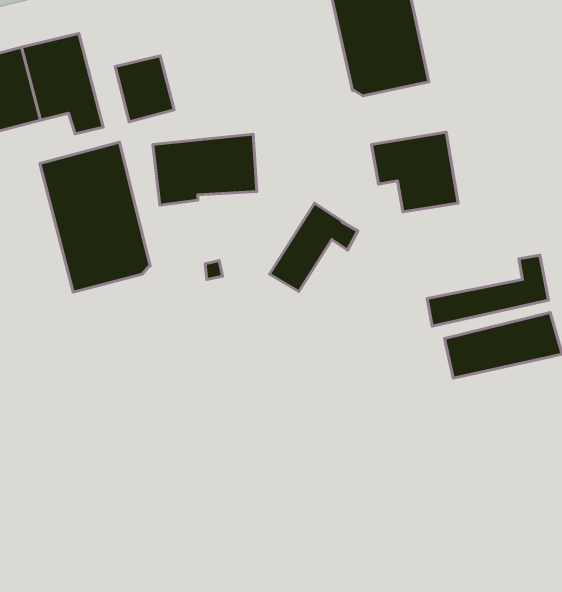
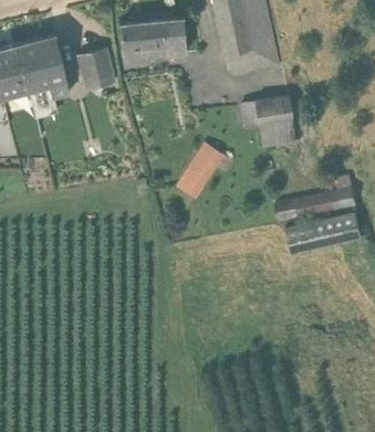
building: [153,134,257,205] -> [119,19,186,64]
building: [40,142,150,292] -> none

